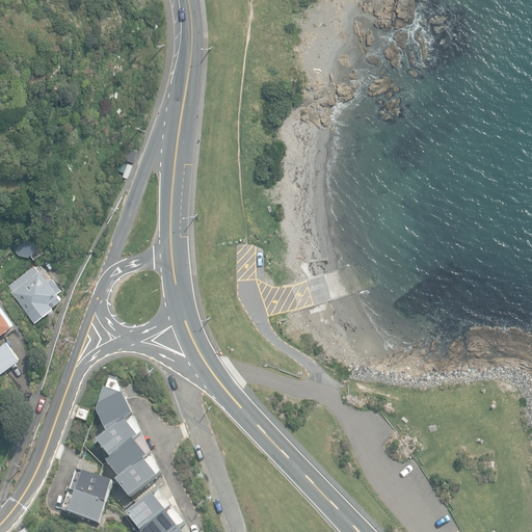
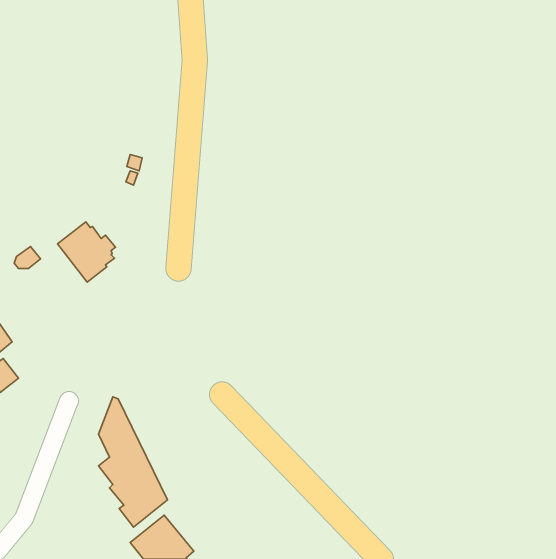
building: [5,265,60,322] -> [57,222,115,282]
building: [59,469,111,525] -> none

